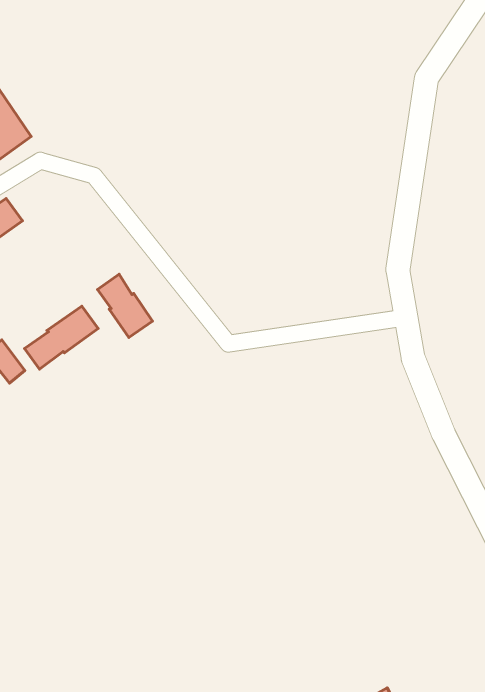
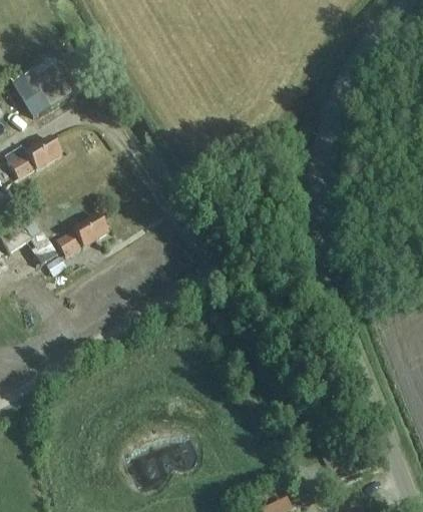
building: [97,274,152,337] -> none

